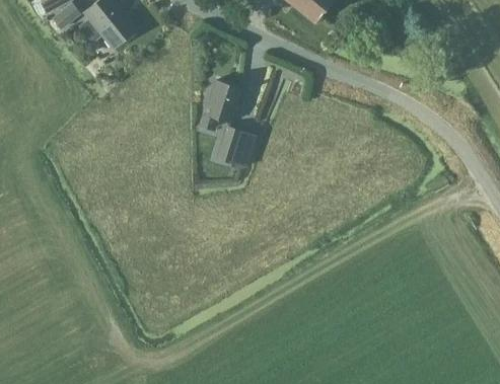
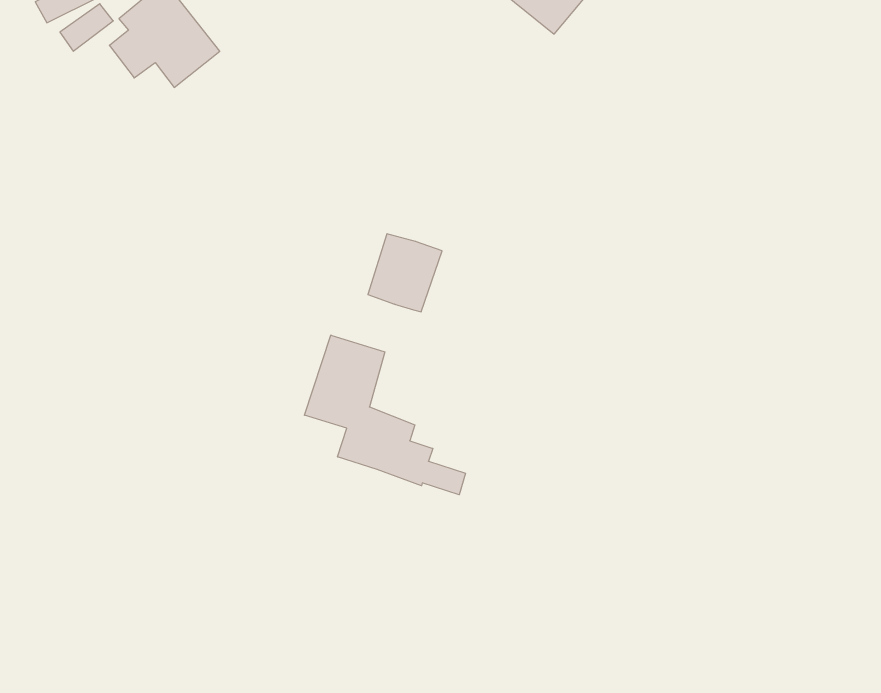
building: [201,81,241,130] -> none
building: none -> [304,335,466,495]

